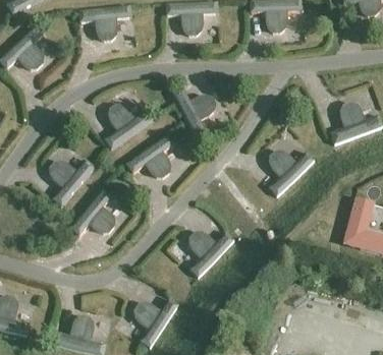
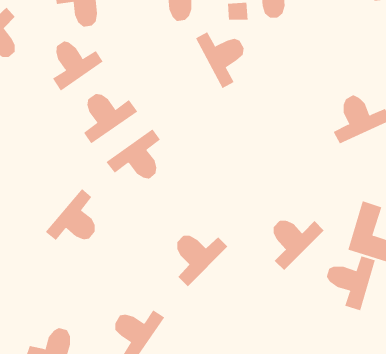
building: none -> [52,41,104,91]
building: [171,86,216,138] -> [195,31,245,89]
building: [265,150,312,195] -> [273,220,325,271]
building: [47,157,94,205] -> none
building: none -> [326,256,376,311]

